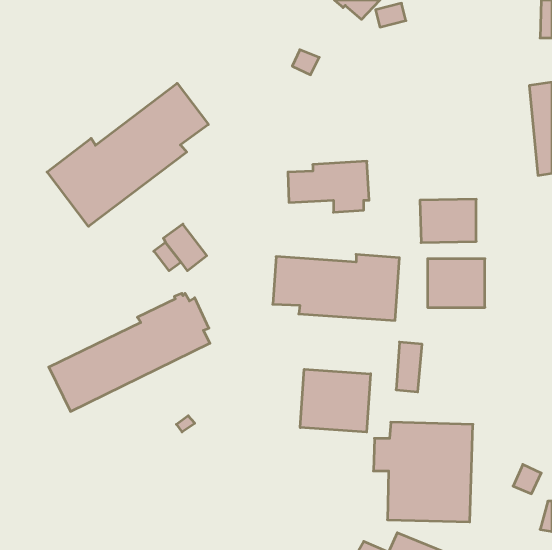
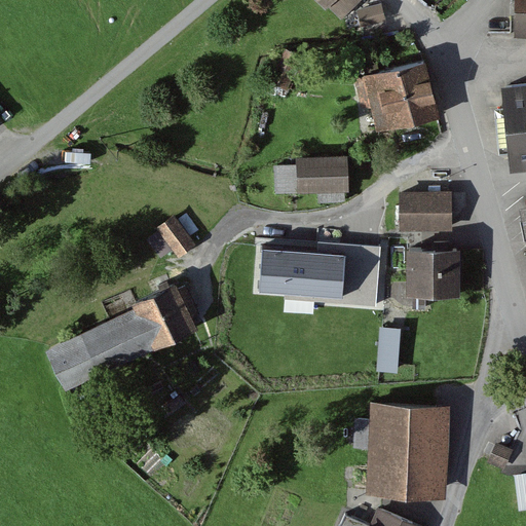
building: none -> [354,53,440,134]
building: [47,83,208,226] -> none
building: [300,369,371,432] -> none

